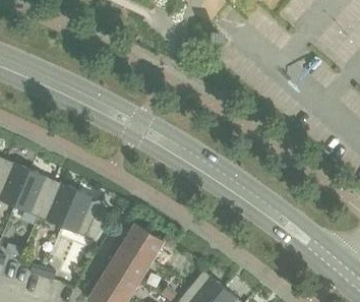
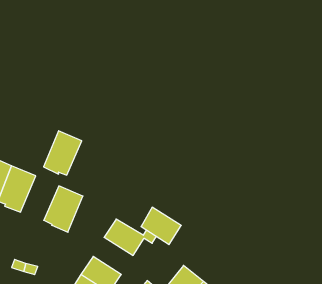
building: [39,180,77,225] -> [44,131,82,175]
building: [112,242,153,280] -> [141,207,181,245]

